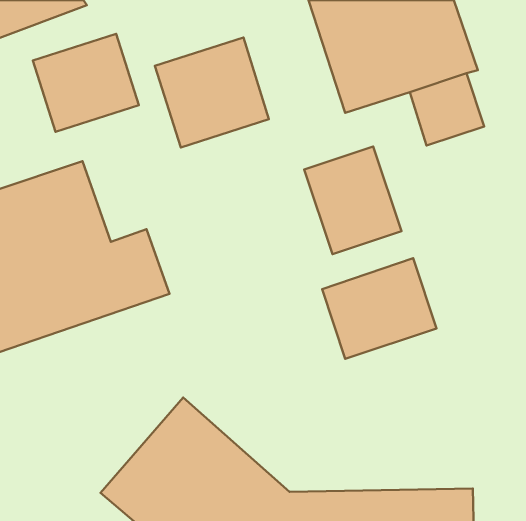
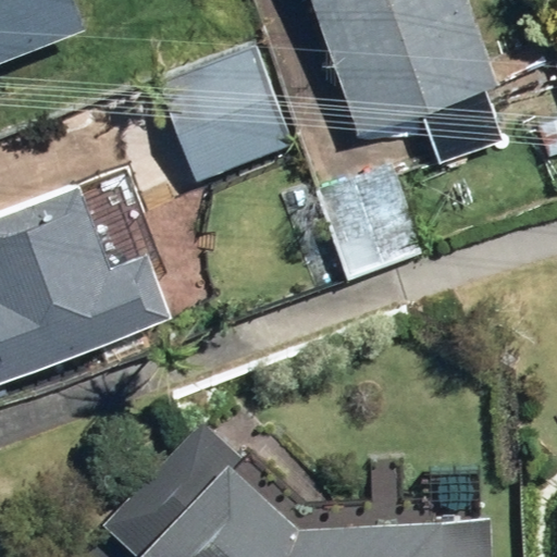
building: [33,34,139,132] -> none
building: [322,258,436,359] -> none

